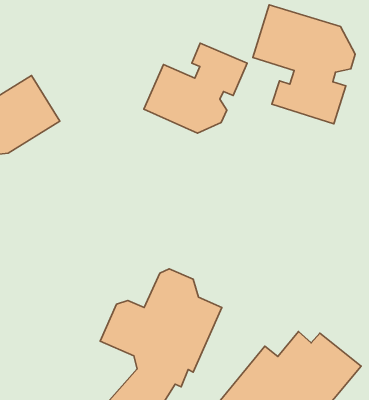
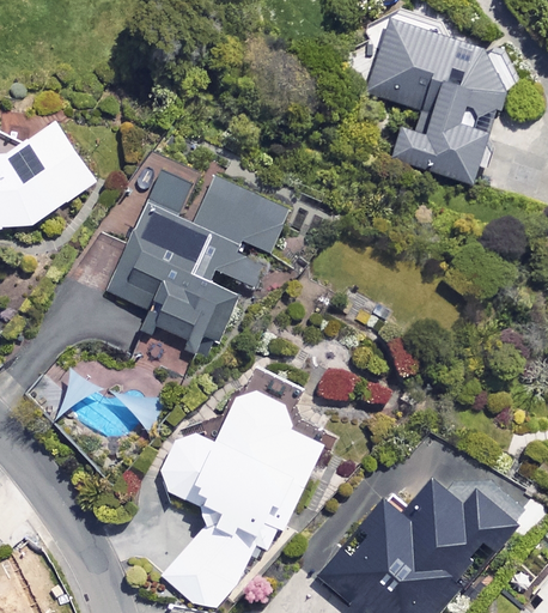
building: [144,43,247,133] -> none
building: none -> [103,172,292,351]

